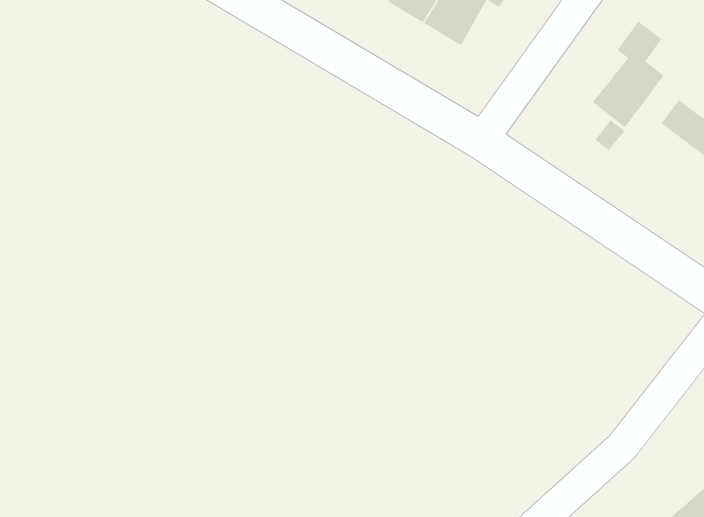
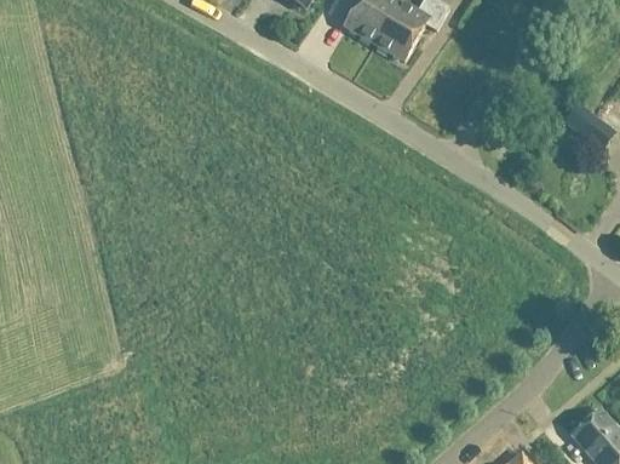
building: [592,21,664,128] -> none

